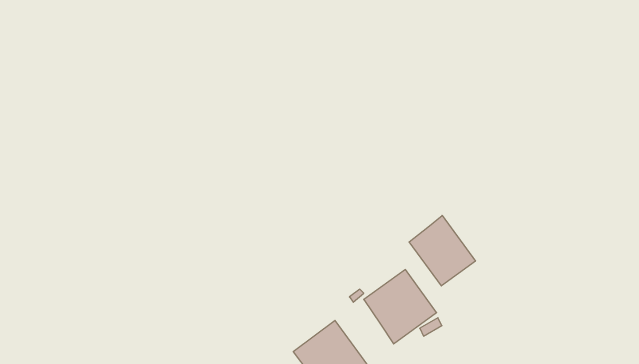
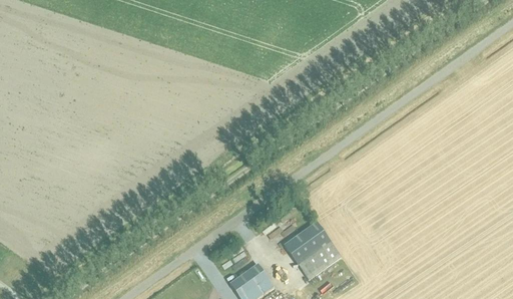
building: [409,215,475,286] -> none

